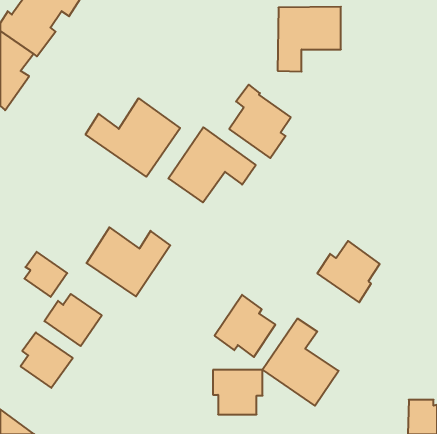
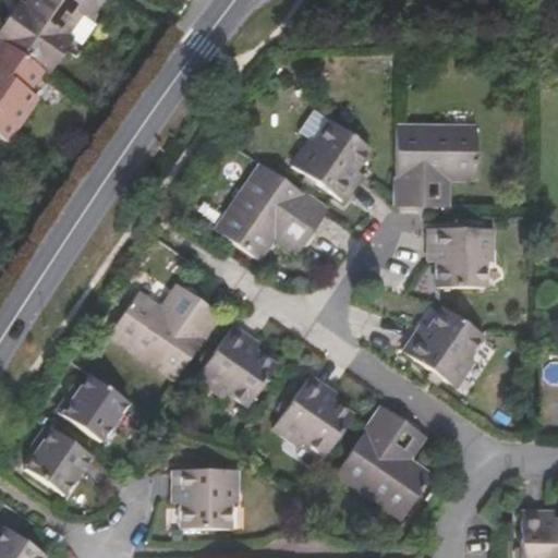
building: [278,7,341,72] -> [396,123,476,206]
building: [86,98,180,177] -> none
building: none -> [429,228,494,286]
building: [24,252,67,297] -> none
building: none -> [198,326,276,405]
building: [213,370,263,414] -> [174,470,238,526]

